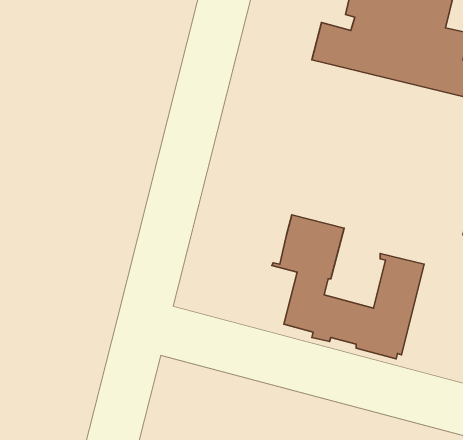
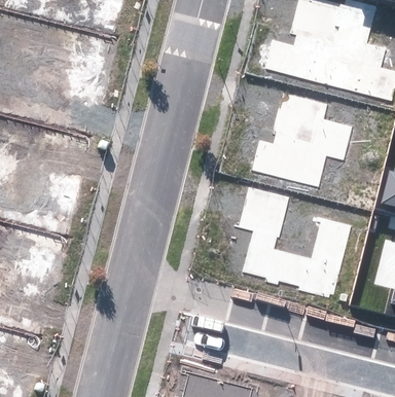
building: none -> [252,94,352,187]

